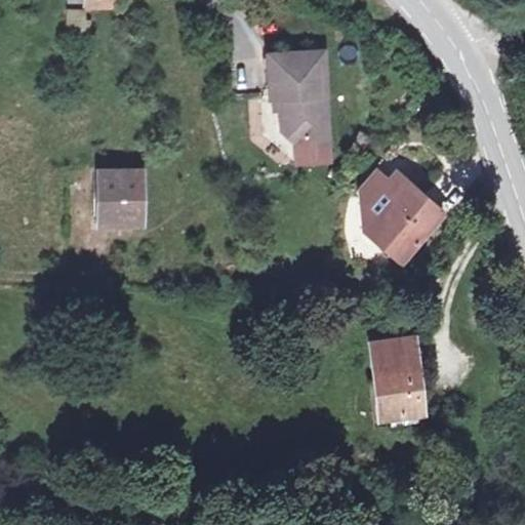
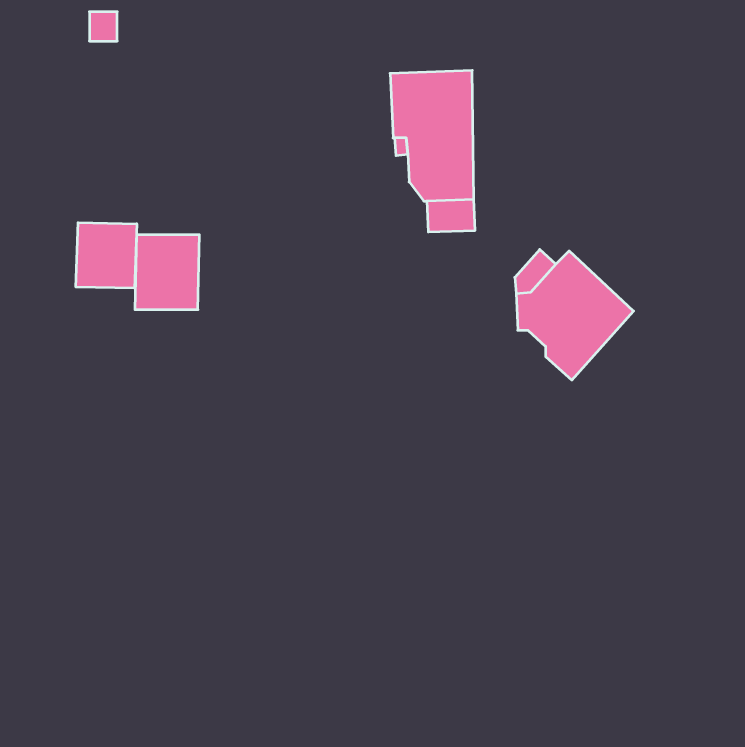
building: none -> [76,223,137,288]
building: [371,342,419,416] -> none

